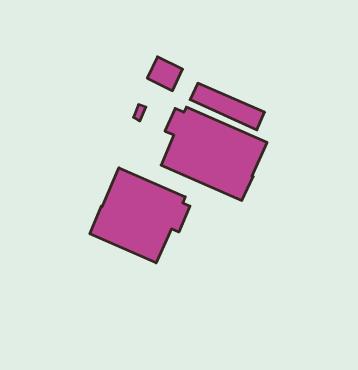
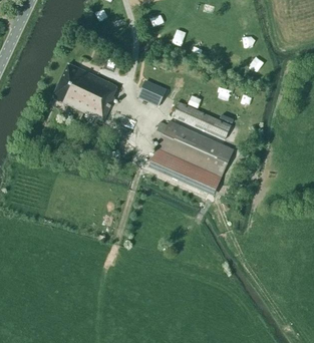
building: none -> [52,62,117,120]
building: [90,168,190,263] -> none

